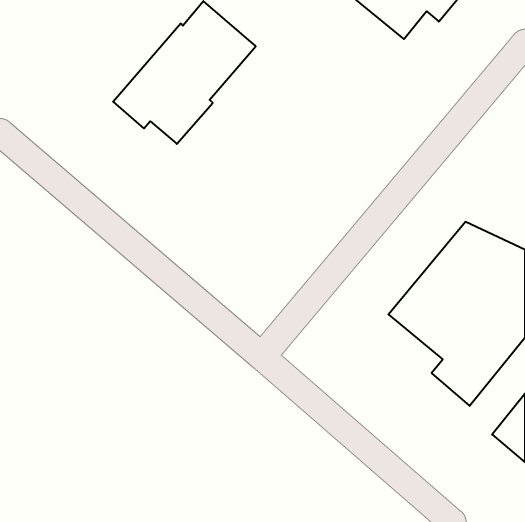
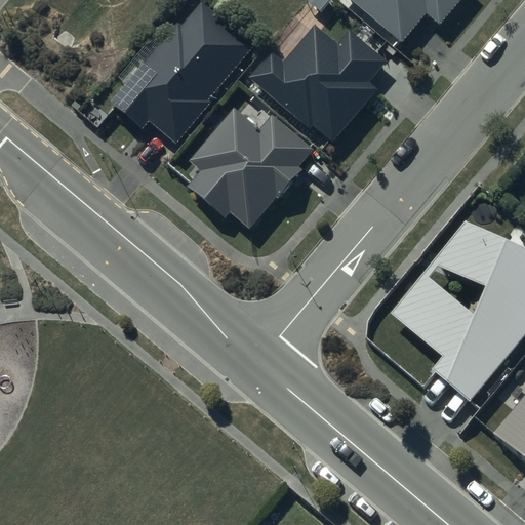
building: none -> [249,24,388,143]
building: none -> [191,108,316,229]

